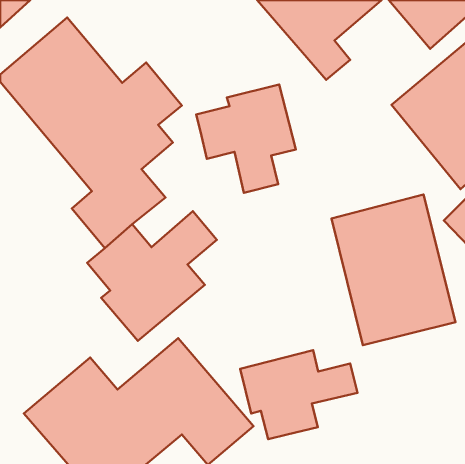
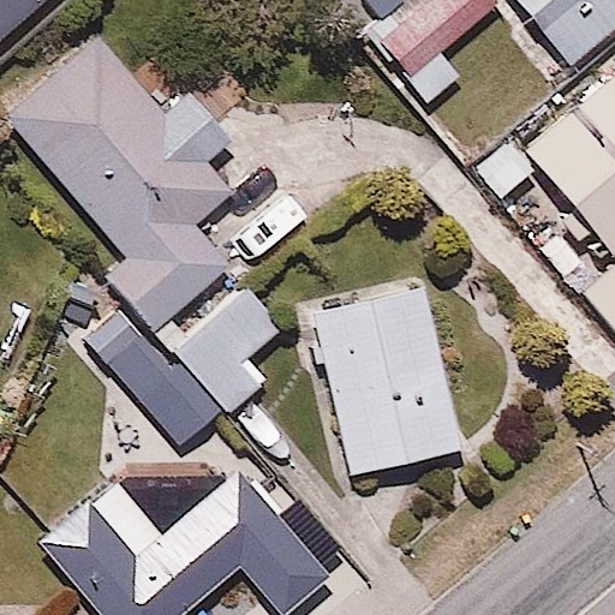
building: [196,84,296,193] -> none
building: [331,195,456,345] -> [304,275,466,472]
building: [240,350,358,439] -> none

